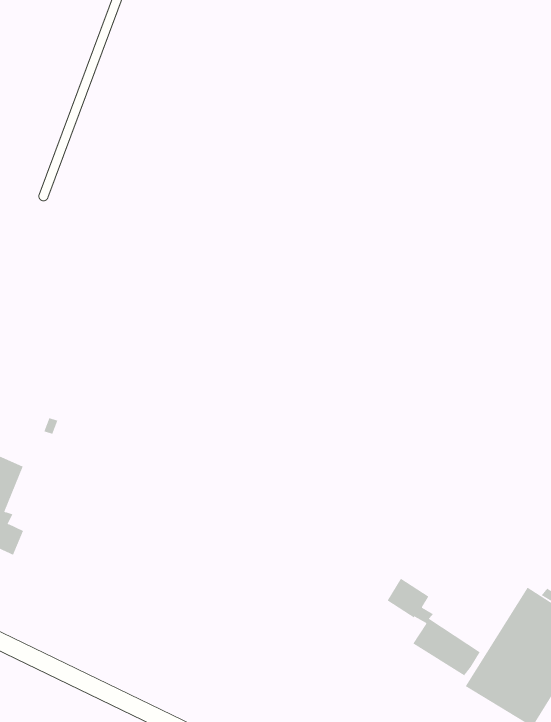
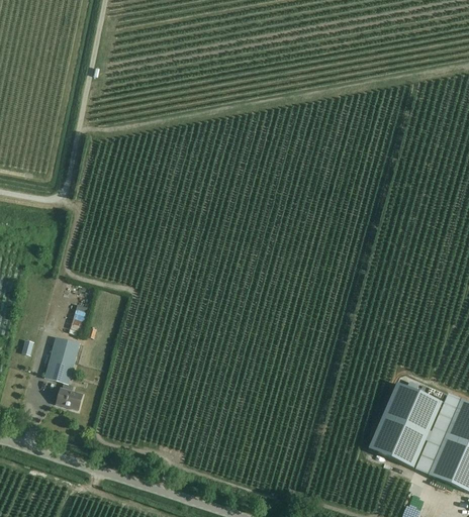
building: [387,578,480,676] -> none

